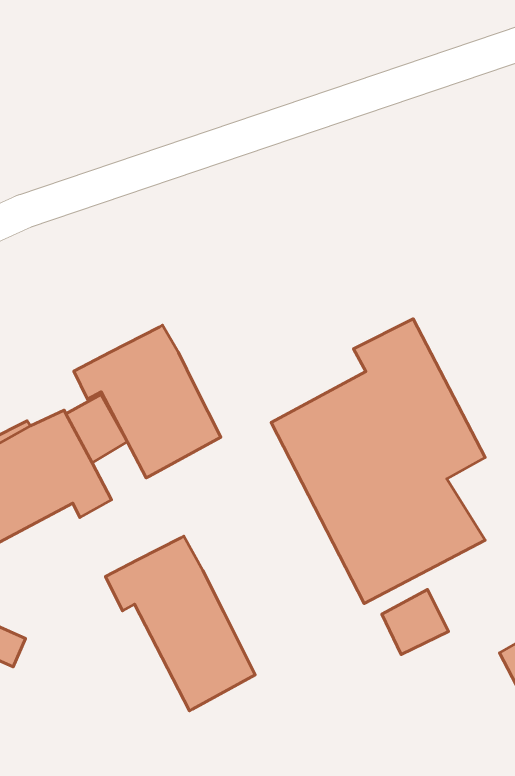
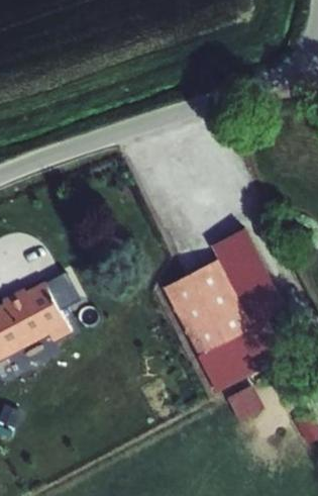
building: [74,325,221,478] -> none
building: [105,536,255,711] -> none

